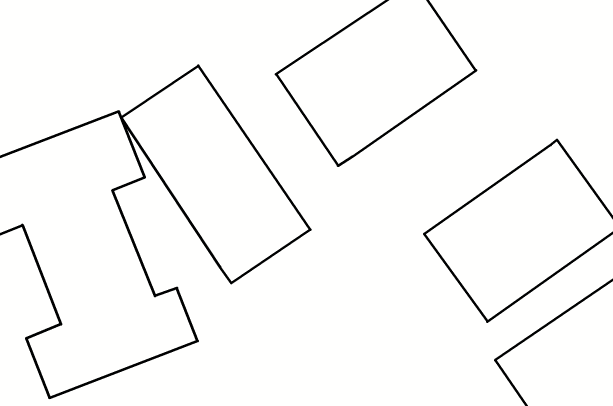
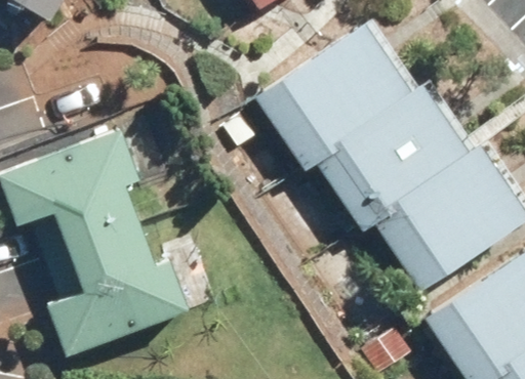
building: none -> [311,83,469,227]
building: [121,66,310,283] -> none

